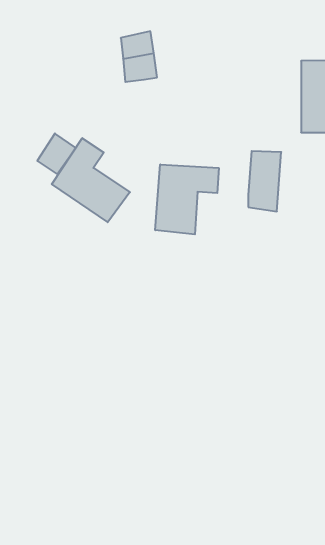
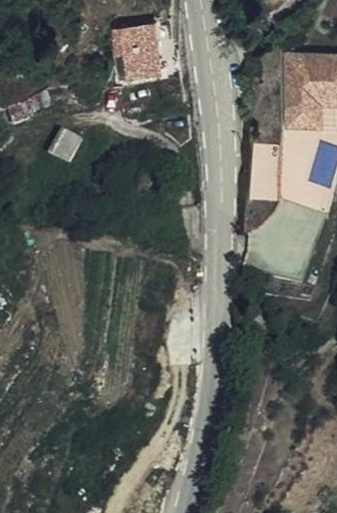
building: [52,138,130,222] -> none
building: [155,164,219,234] -> none

